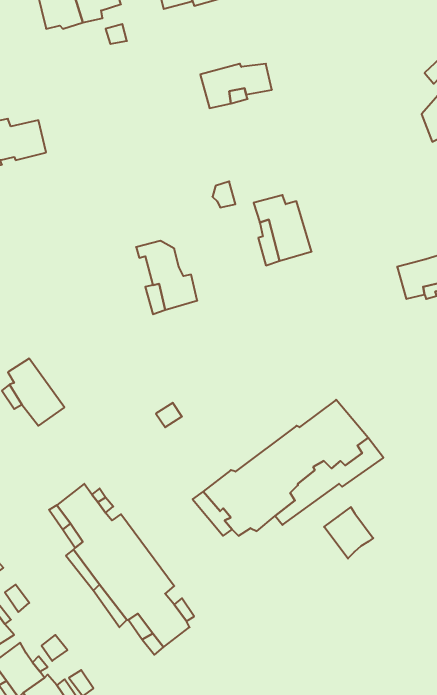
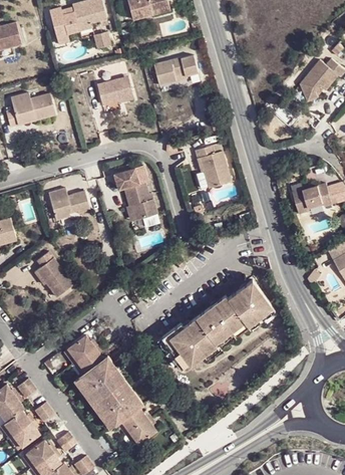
building: none -> [101,77,136,105]
building: none -> [45,186,88,219]
building: [324,507,373,559] -> none

